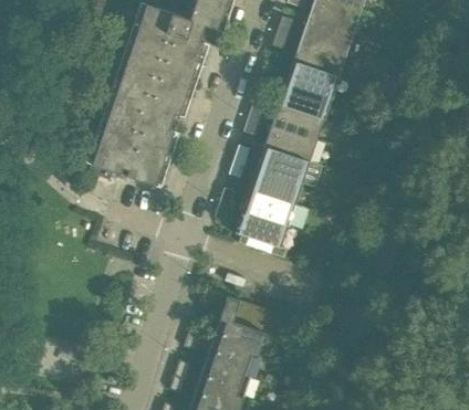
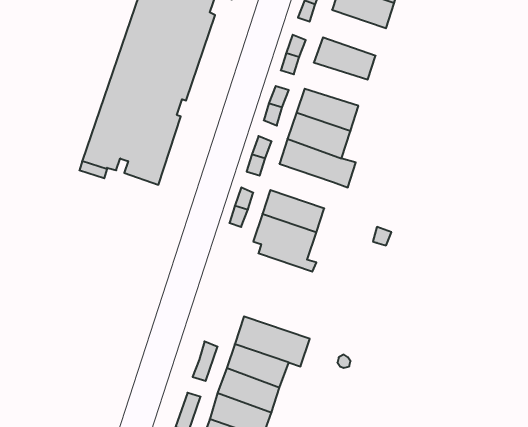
building: [293,38,346,76] -> none
building: [278,82,331,118] -> none
building: [249,167,302,204] -> none

